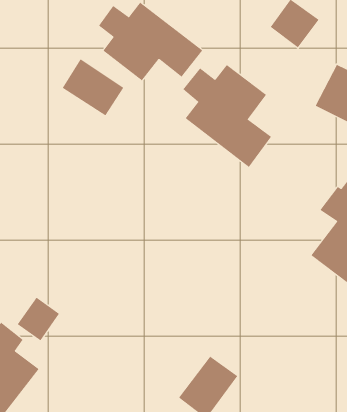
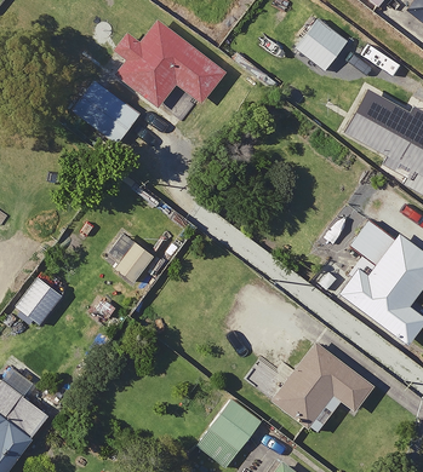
building: [182,64,272,168] -> none
building: none -> [104,230,156,281]
building: [17,297,60,341] -> [17,277,63,324]
building: none -> [271,340,373,432]

